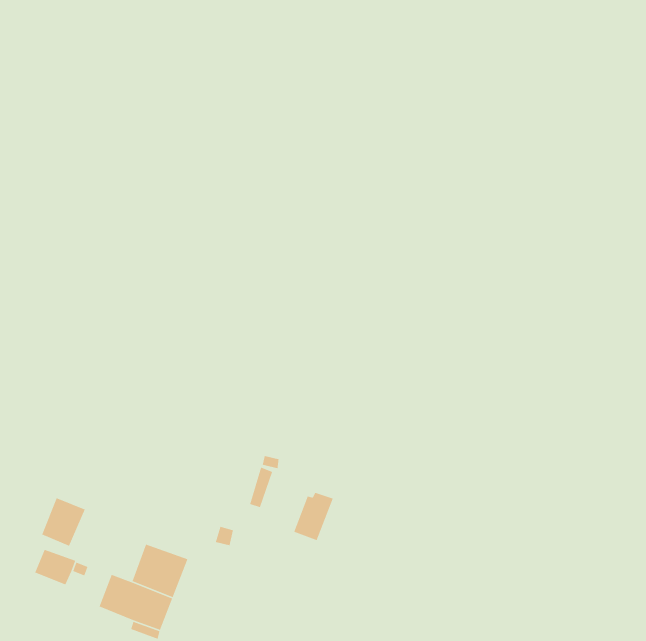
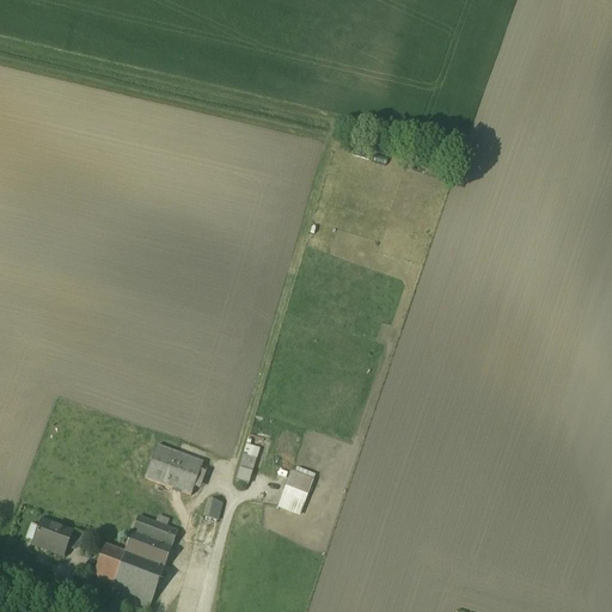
building: none -> [145,443,203,492]
building: [41,497,86,547] -> none

